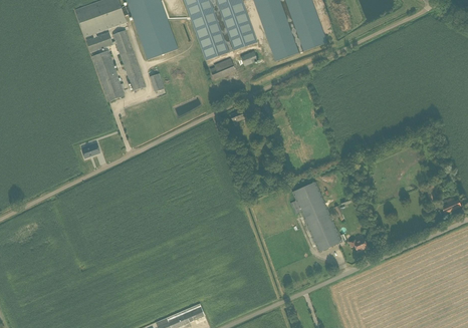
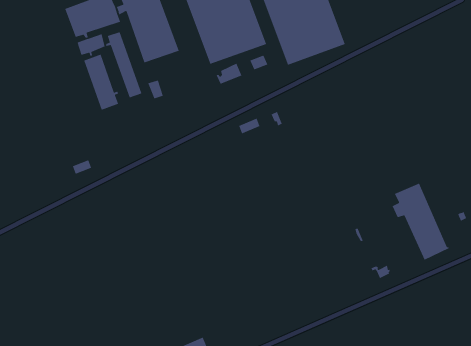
building: [289,181,341,251] -> [391,182,450,261]

